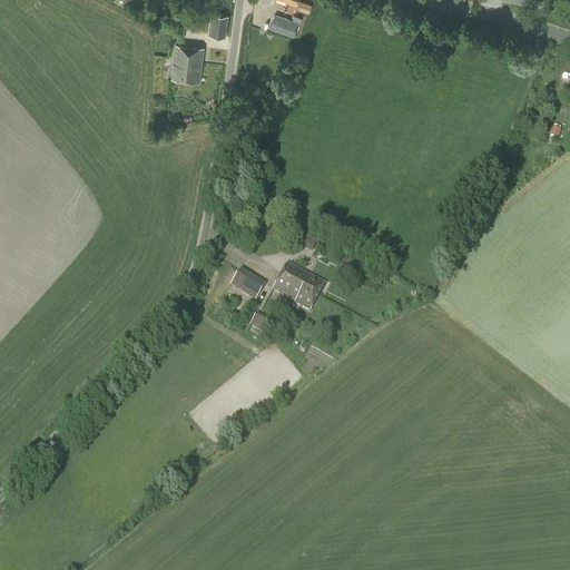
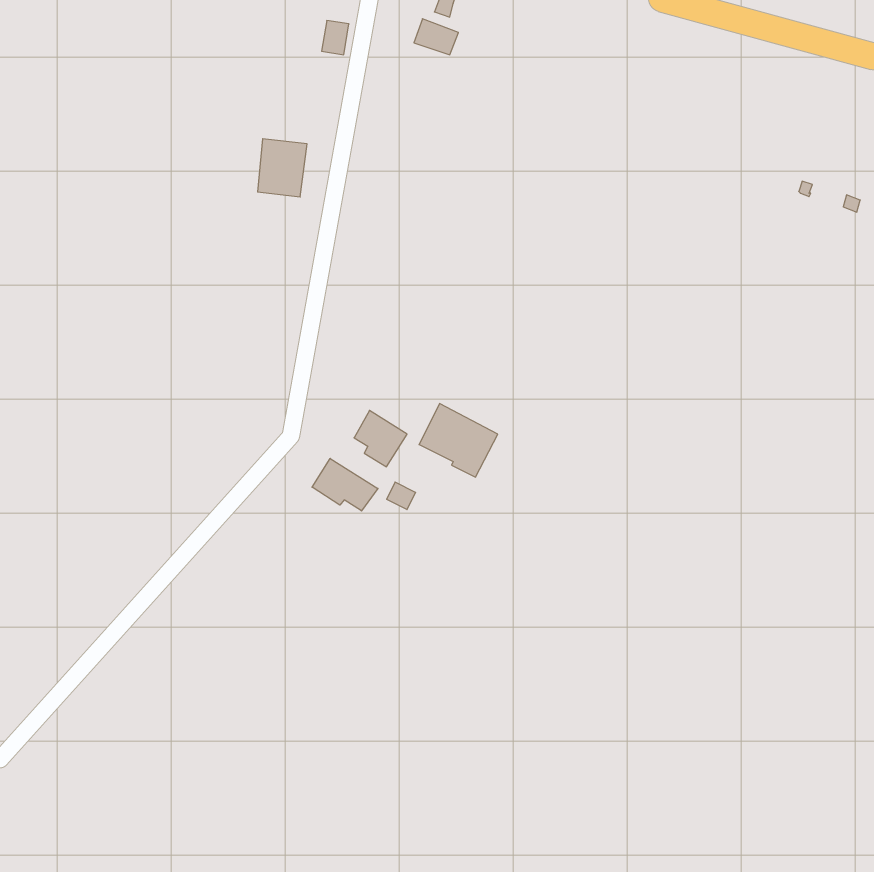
building: [171,43,204,81] -> [258,139,307,197]
building: none -> [312,458,378,511]

